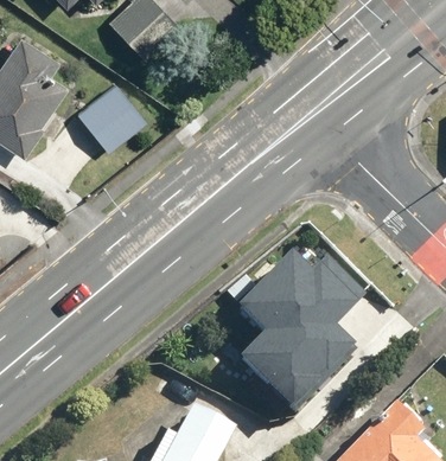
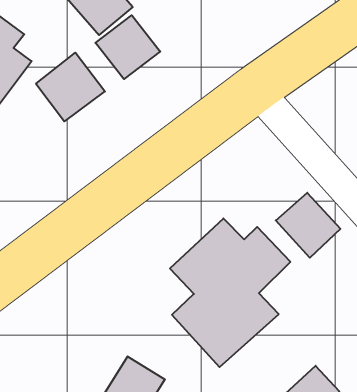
building: none -> [95,15,160,79]
building: none -> [276,193,340,258]

